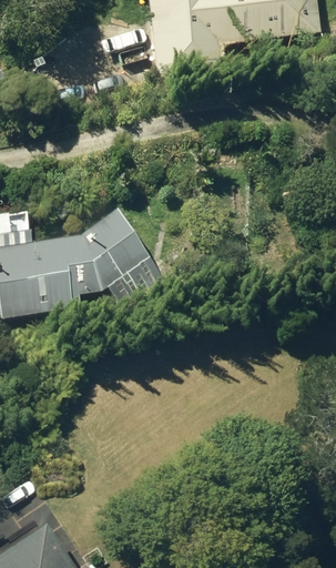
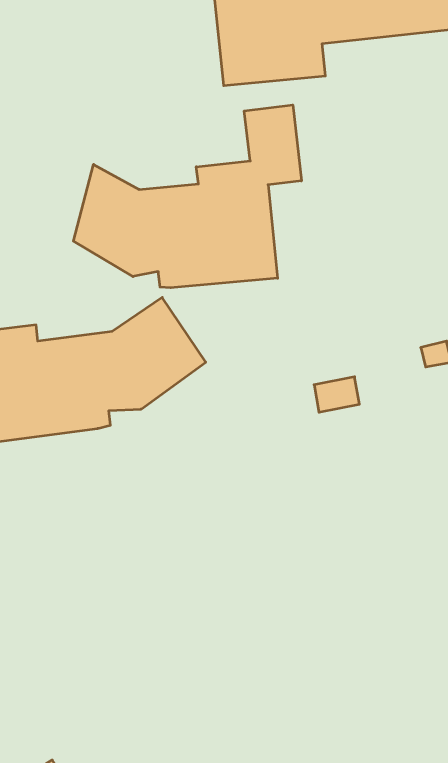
building: none -> [73,105,301,288]

